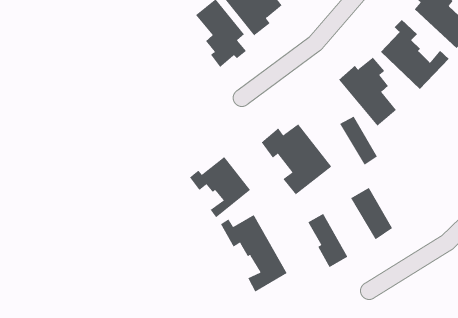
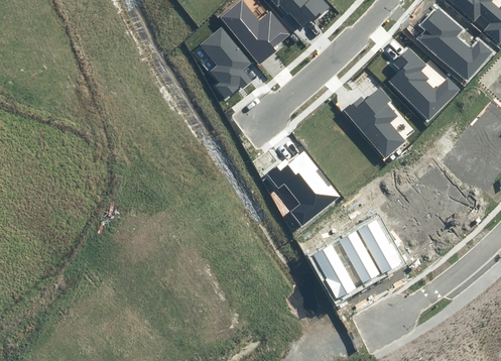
building: [339,116,378,165] -> [339,233,378,283]
building: [189,156,251,218] -> none
building: [220,214,288,293] -> none

